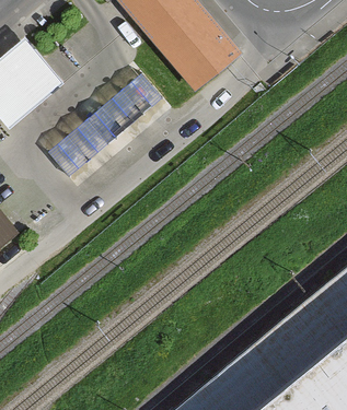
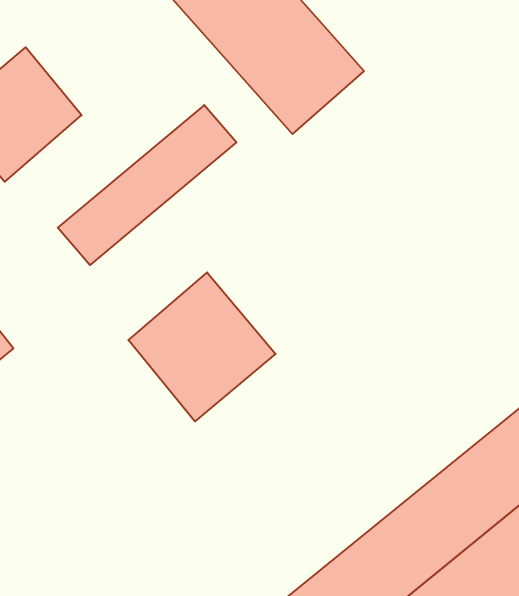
building: none -> [128,272,276,421]

